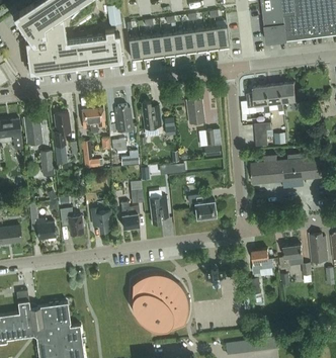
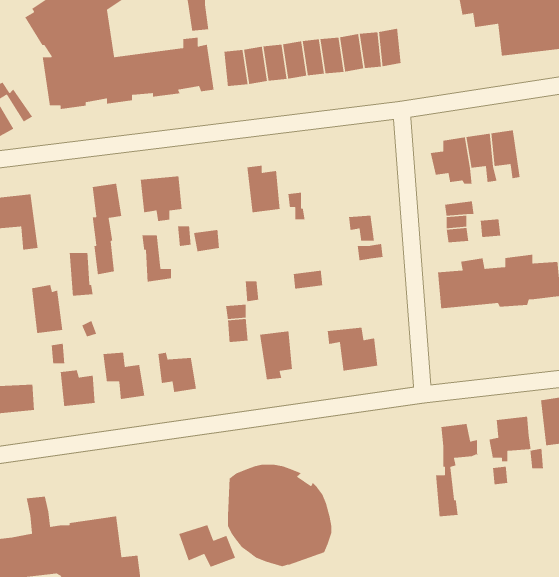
building: [263,16,285,43] -> none
building: [185,95,203,124] -> none
building: [113,105,133,133] -> none
building: [23,116,41,145] -> [31,284,63,334]
building: [119,201,139,229] -> none
building: none -> [178,524,236,568]

